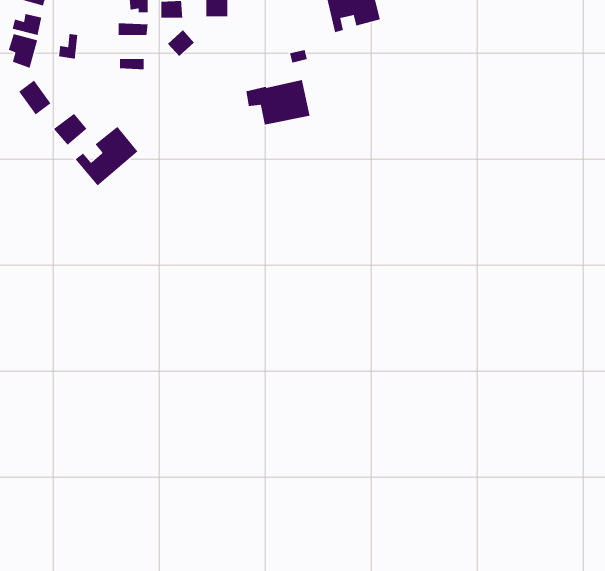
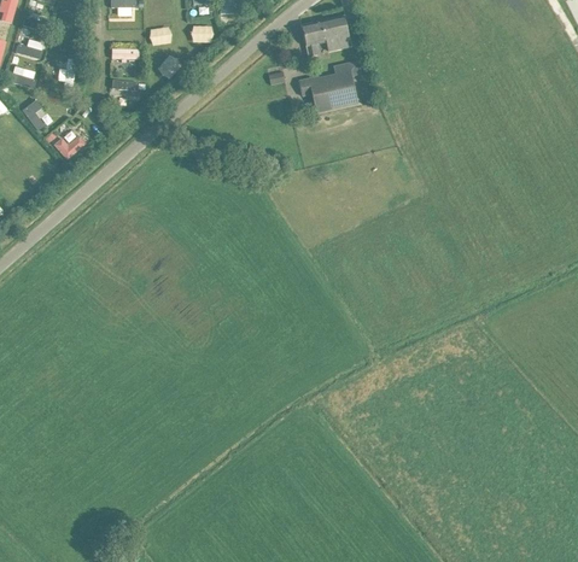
building: [245,79,311,126] -> [299,70,358,112]
building: [74,126,139,187] -> none

